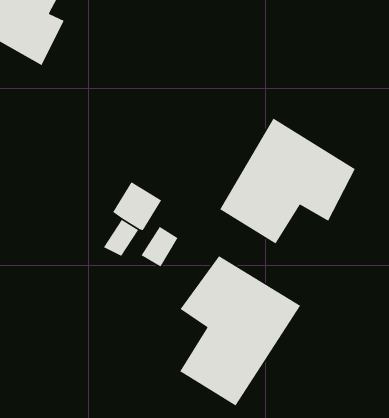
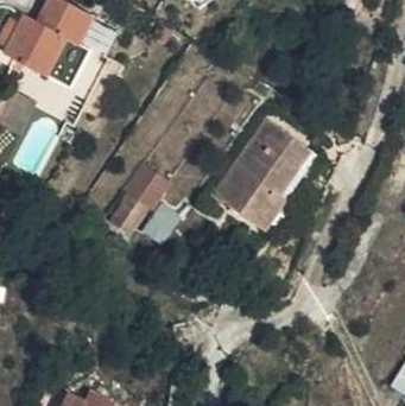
building: [179,255,301,407] -> none

